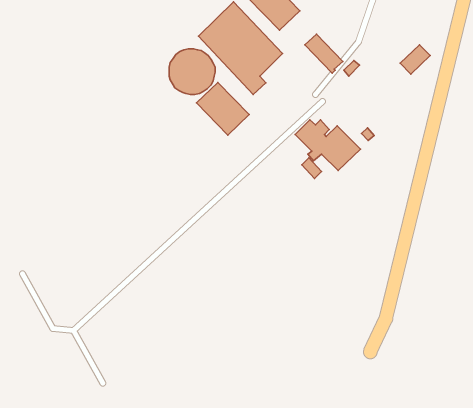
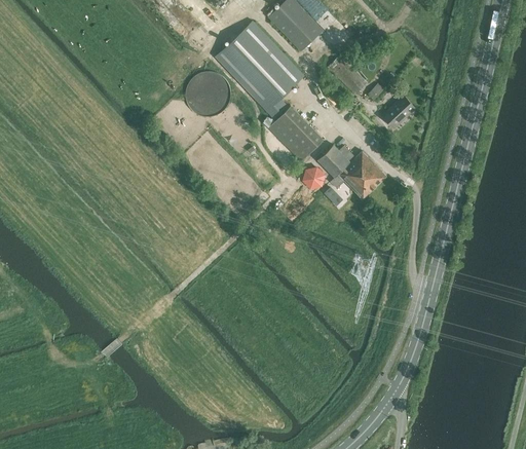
building: [400,45,430,74] -> [382,96,414,126]
building: [197,82,249,135] -> [267,106,323,161]
building: none -> [302,163,326,190]

